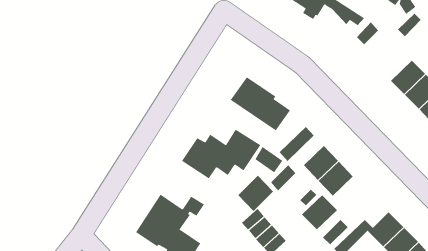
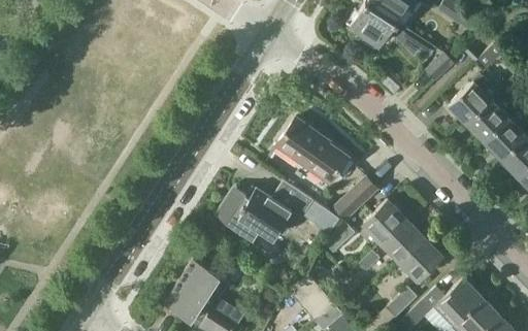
building: none -> [448,80,492,124]
building: [237,175,274,212] -> none
building: [301,195,338,230] -> [398,237,441,279]

